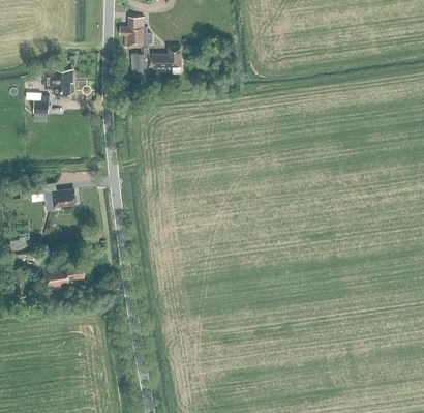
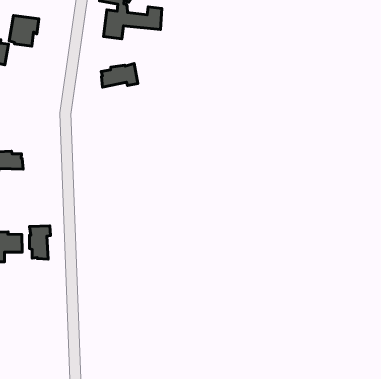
building: none -> [101,63,138,87]
building: none -> [29,226,50,259]

